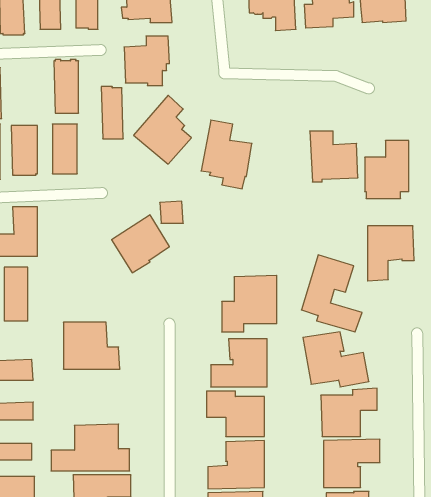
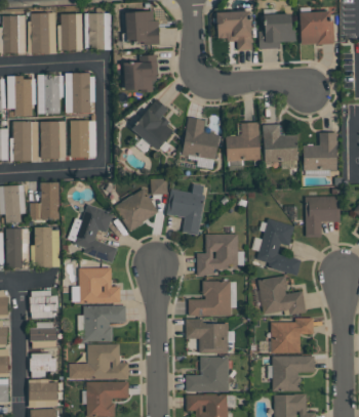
building: [101,87,123,139] -> [44,75,61,114]
building: none -> [226,123,261,162]
building: none -> [166,184,205,236]
building: none -> [73,205,118,264]
building: none -> [83,306,126,341]

